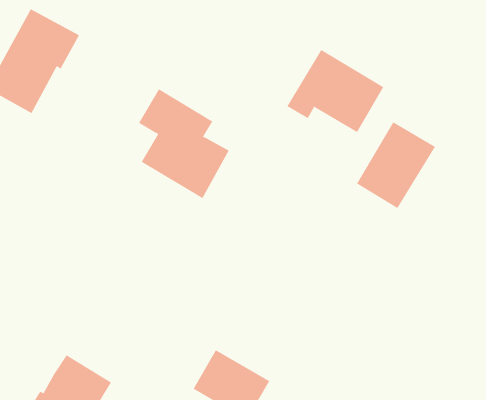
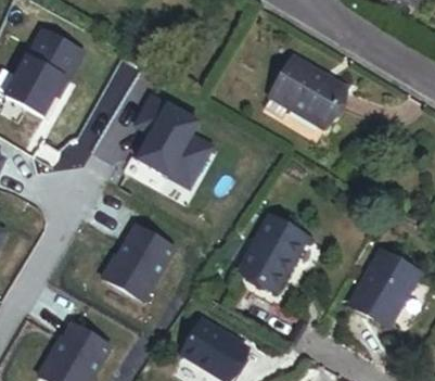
building: [356,122,436,209] -> [240,213,308,288]
building: none -> [103,225,176,301]
building: none -> [344,250,412,322]

